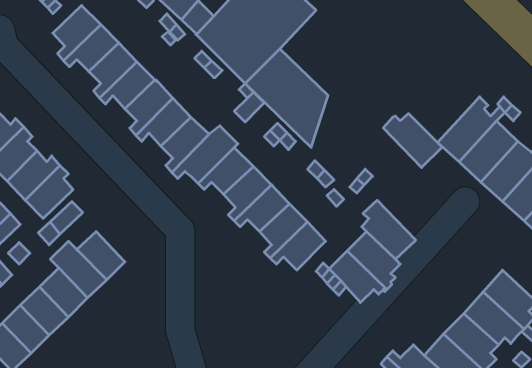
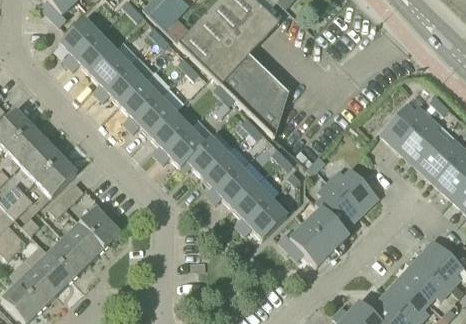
building: [383,114,442,168] -> [330,168,379,213]

